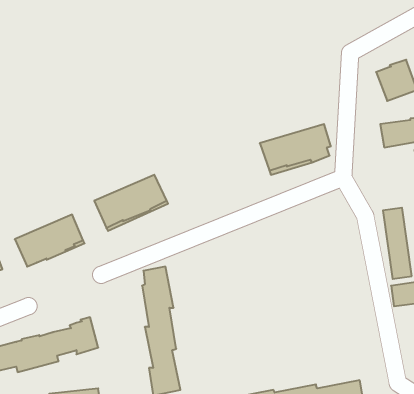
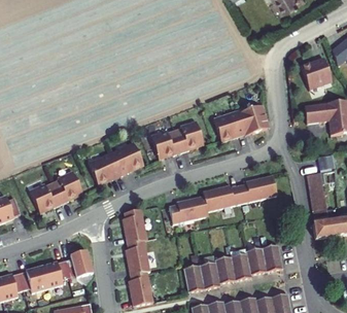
building: none -> [150,120,203,156]
building: none -> [170,179,278,225]
building: none -> [184,248,283,294]

